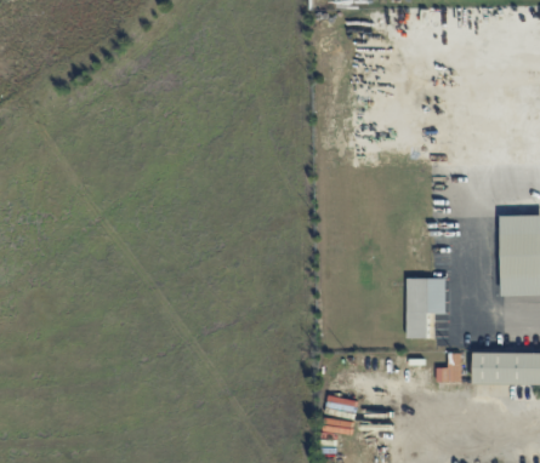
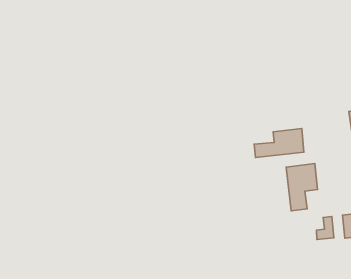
building: none -> [254,128,304,158]

